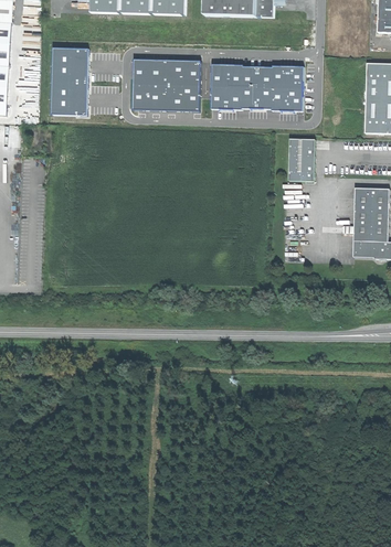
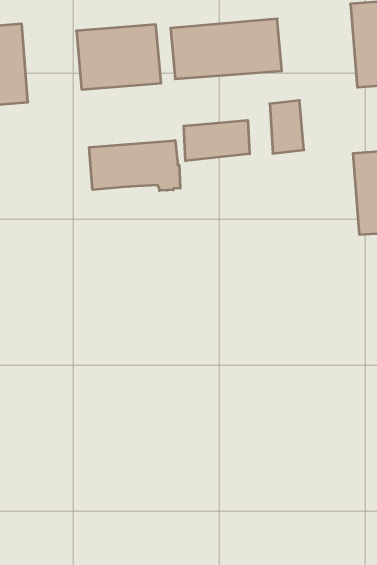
building: none -> [184,120,250,161]
building: none -> [89,140,180,191]

